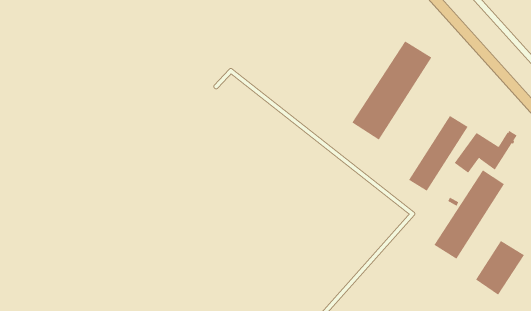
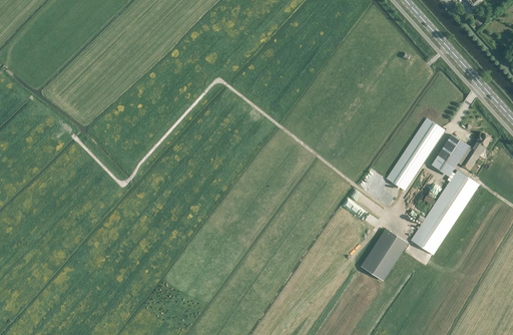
building: [351,41,432,141] -> none
building: [475,240,525,295] -> [360,228,407,280]

